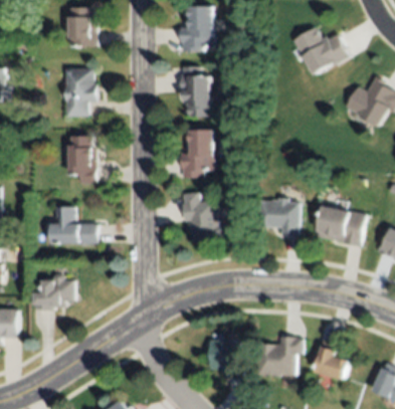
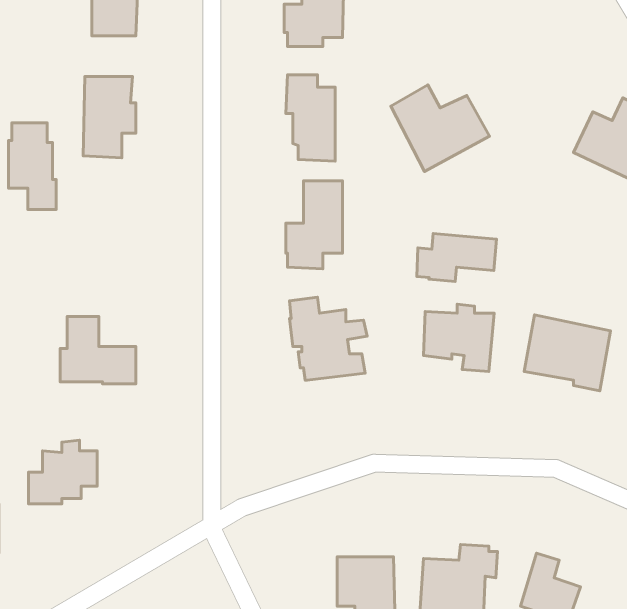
building: [292,29,349,78] -> [391,85,490,171]
building: [68,134,95,183] -> [8,123,56,209]
building: none -> [417,233,497,281]

